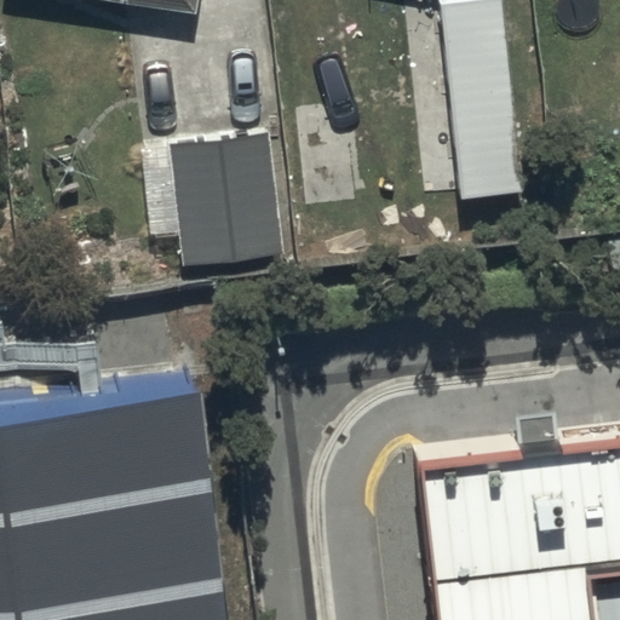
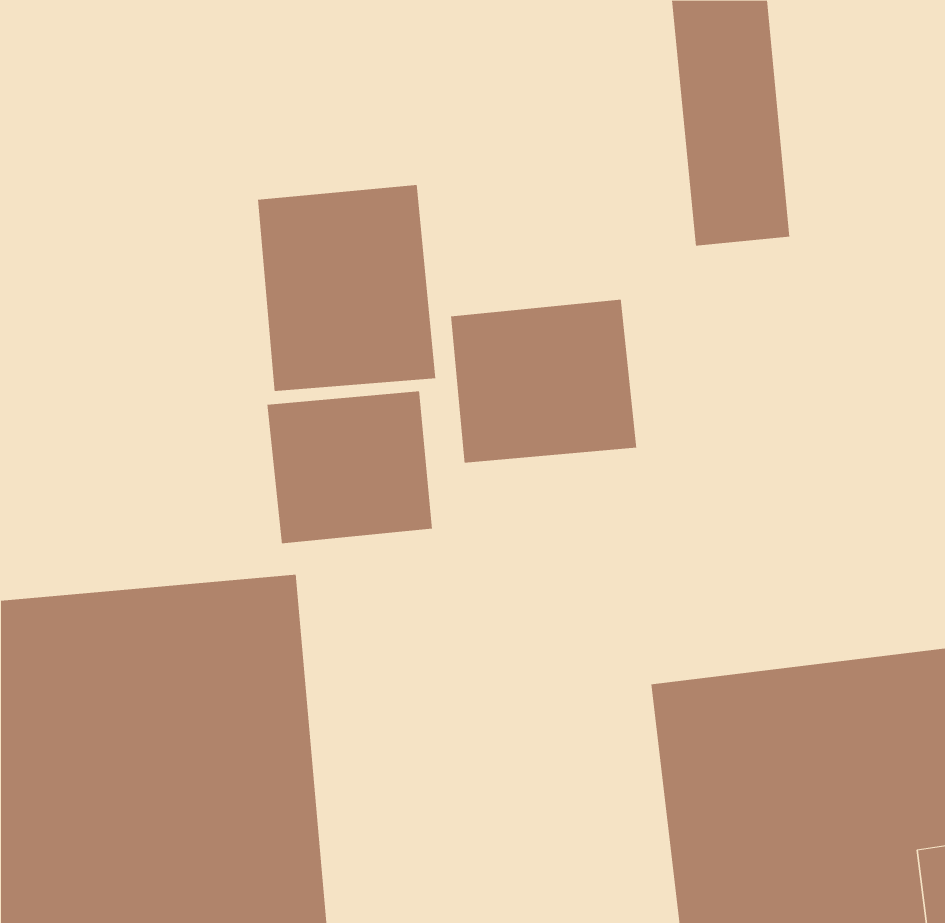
building: none -> [450,299,637,464]
building: none -> [267,391,433,544]

